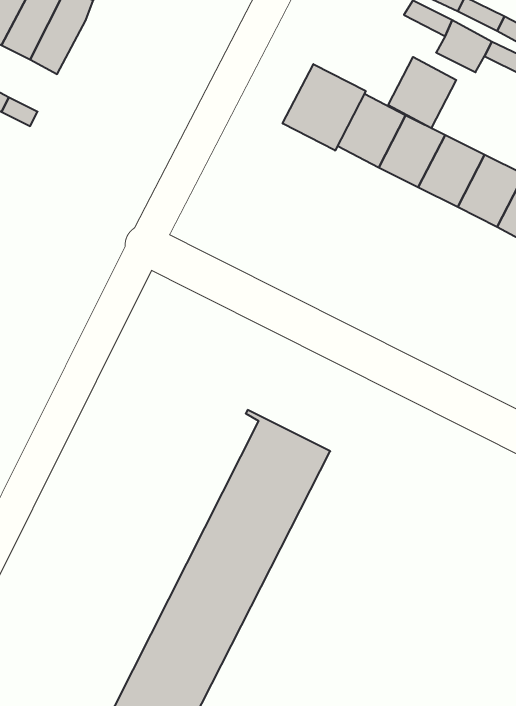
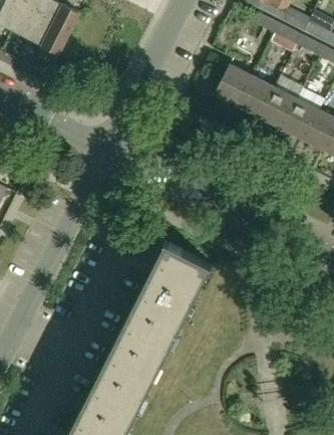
building: [388,57,456,128] -> none
building: [283,64,366,151] -> none

